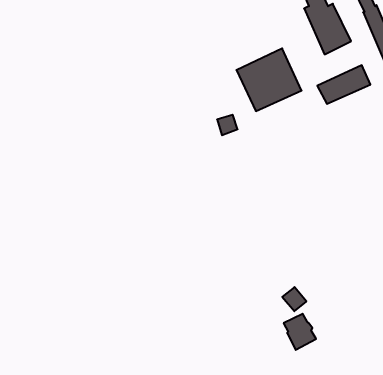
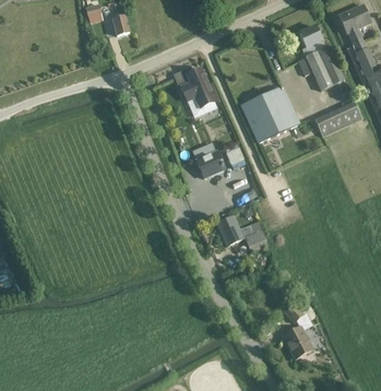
building: none -> [174,68,213,107]
building: none -> [192,142,225,178]
building: none -> [216,215,266,250]

